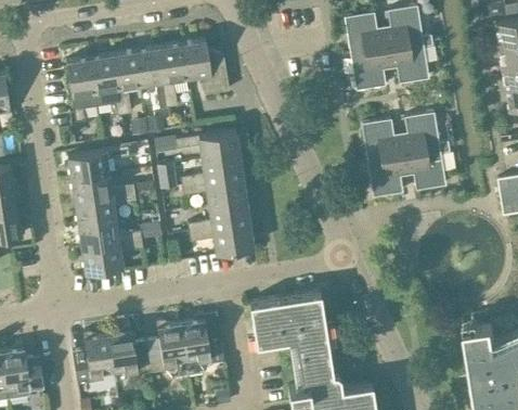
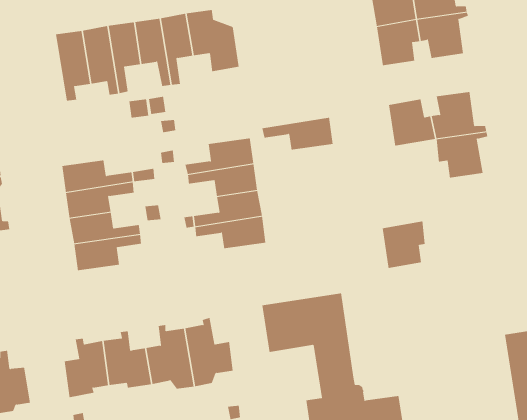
building: [174,130,238,159] -> [262,117,333,150]
building: [67,146,129,179] -> none
building: [366,155,405,197] -> [382,221,426,268]

